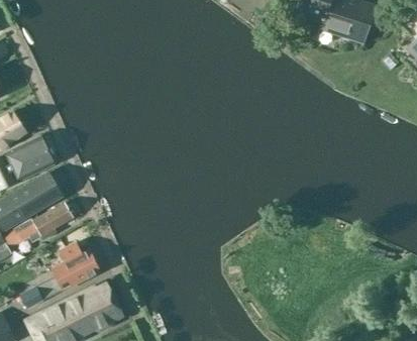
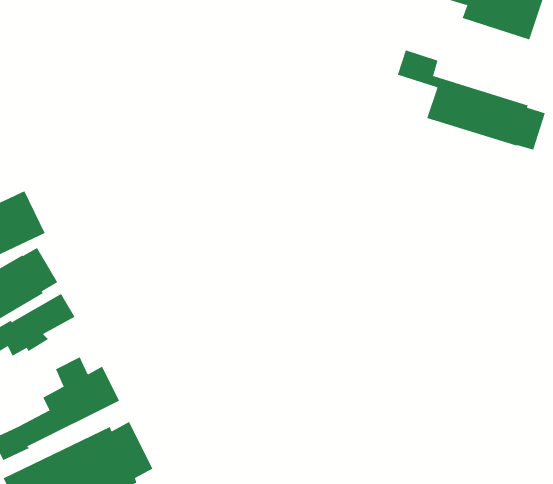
building: none -> [397,50,546,151]

